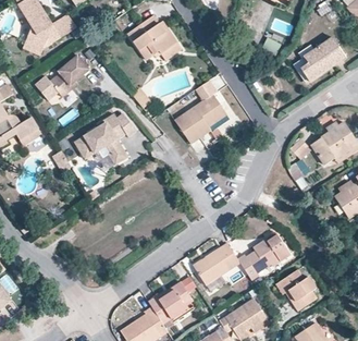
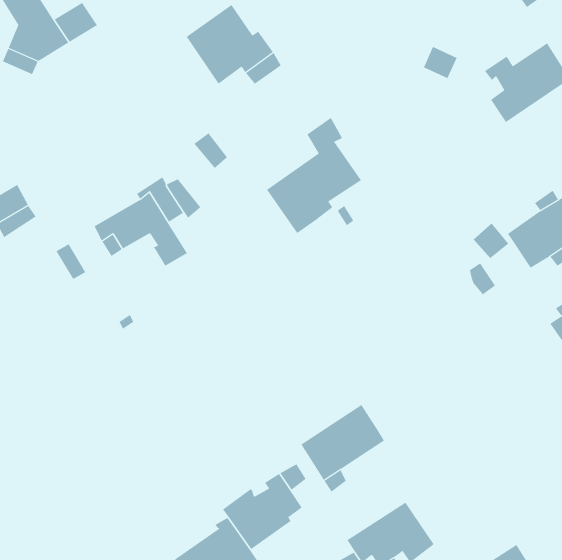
building: [35,54,89,100] -> none
building: [237,233,291,280] -> none
building: [275,269,317,310] -> none

